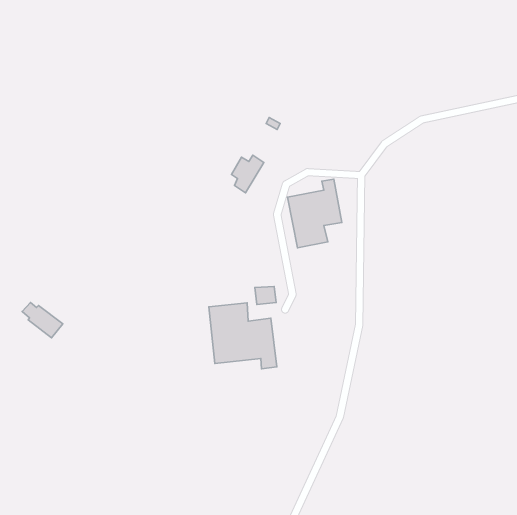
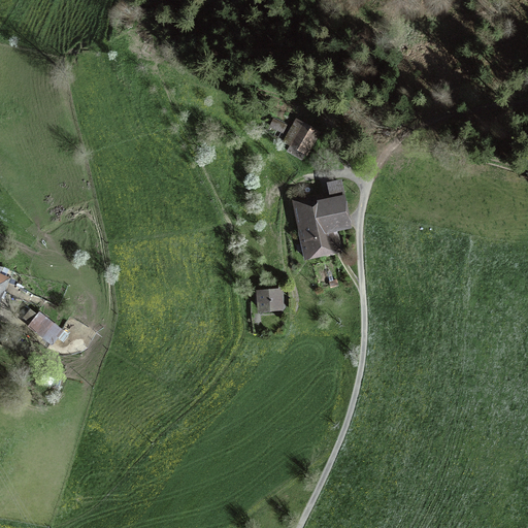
building: [231,155,264,193] -> [287,122,320,160]
building: [209,303,277,369] -> none

